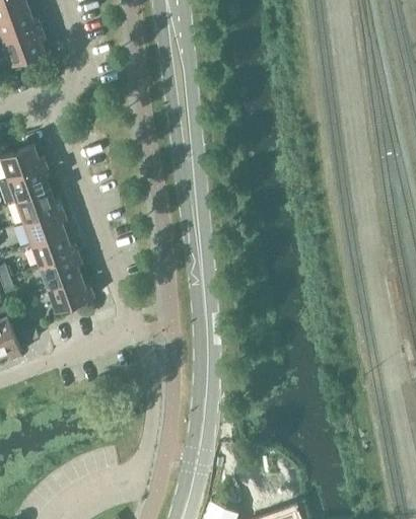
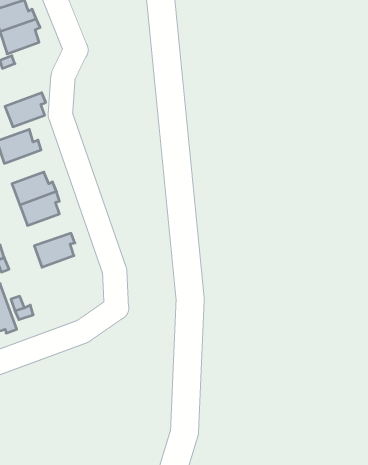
building: [7,166,50,202] -> [5,93,46,127]
building: [31,233,77,267] -> none
building: [47,277,93,311] -> none

